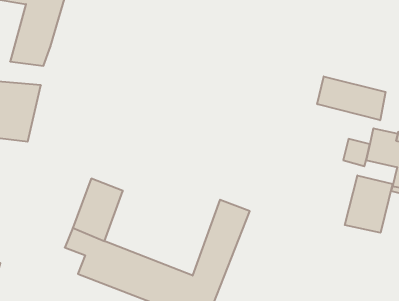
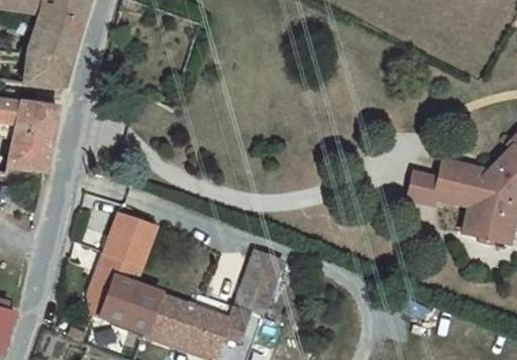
building: [317,76,386,120] -> none
building: [345,175,393,233] -> none

